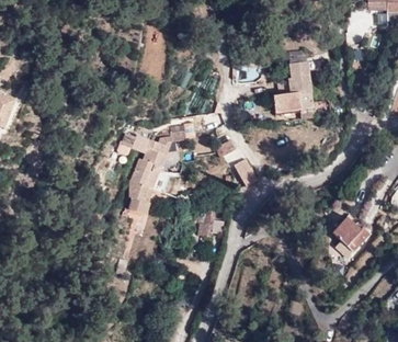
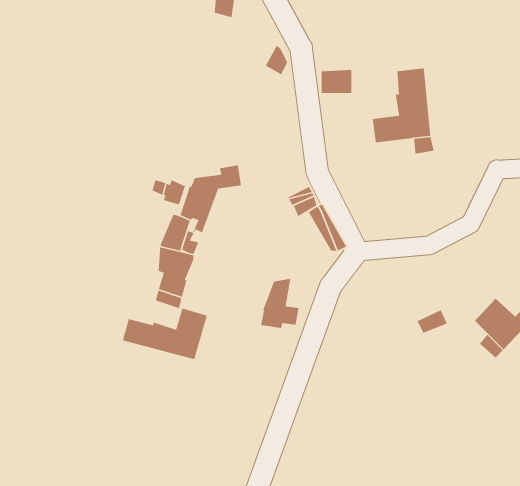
building: none -> [122,308,208,360]

